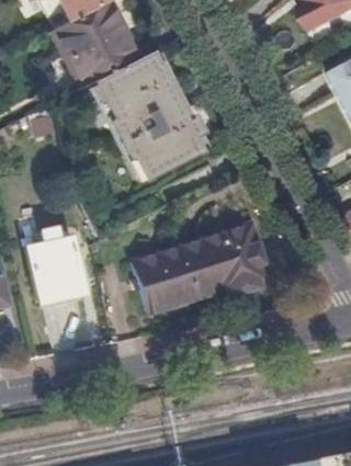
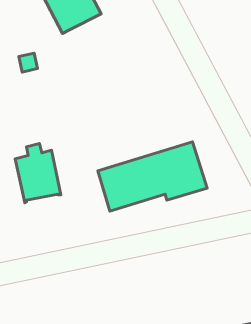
building: [93,54,196,180] -> none

